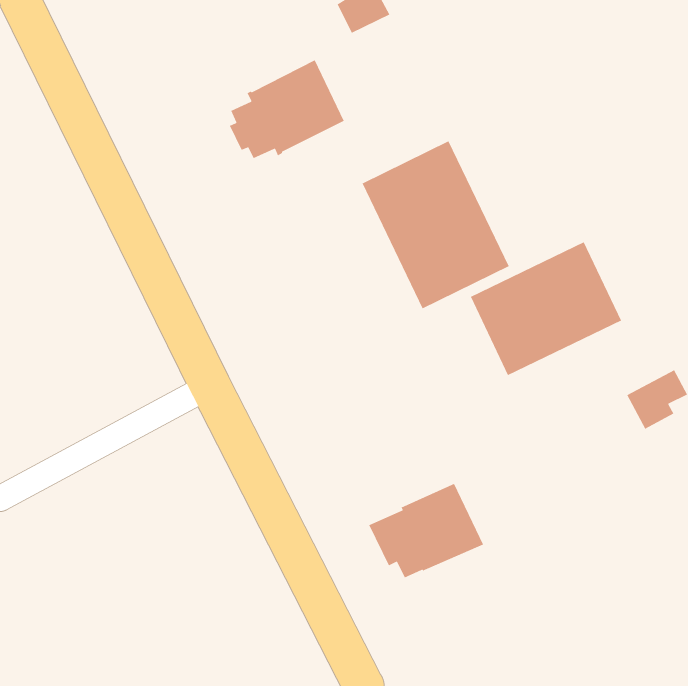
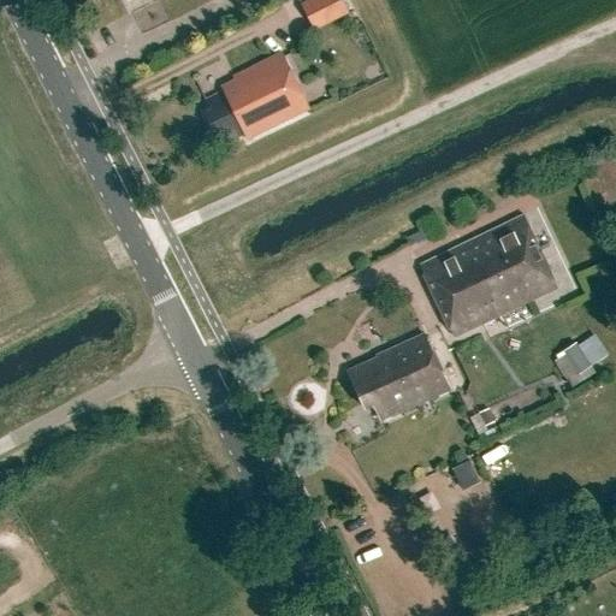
building: [361,140,510,309] -> none
building: [368,483,484,579] -> [348,333,451,419]

